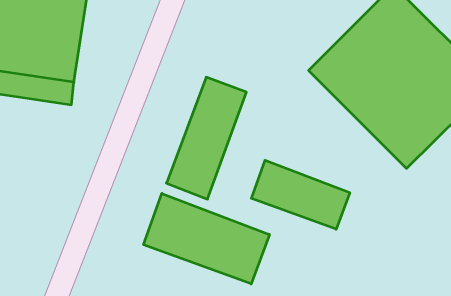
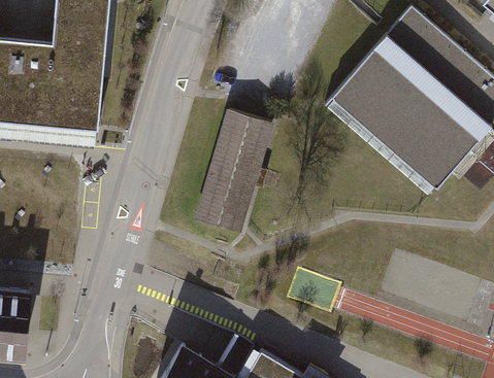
building: [251,160,350,229] -> none
building: [144,193,269,284] -> none

